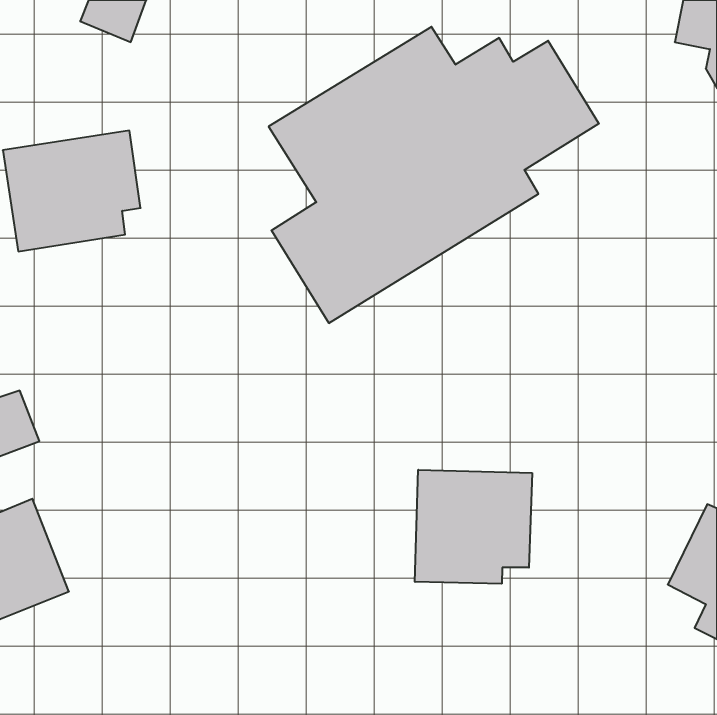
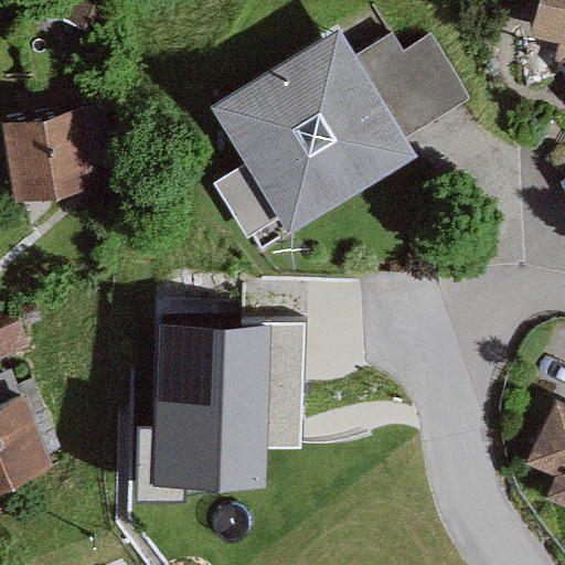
building: none -> [151,321,305,491]
building: [415,470,532,584] -> none

